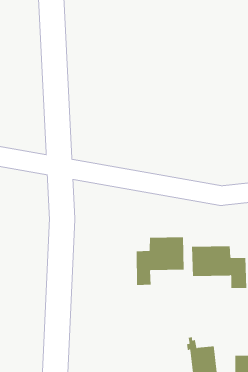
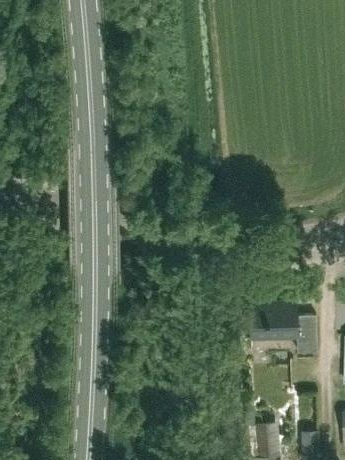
building: [136,236,184,286] -> none

